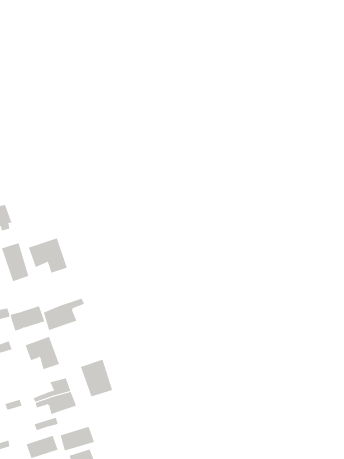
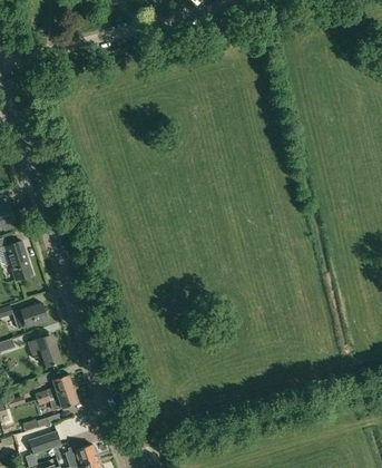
building: [28,237,67,274] -> none
building: [43,298,85,331] -> none
building: [80,359,113,397] -> none

